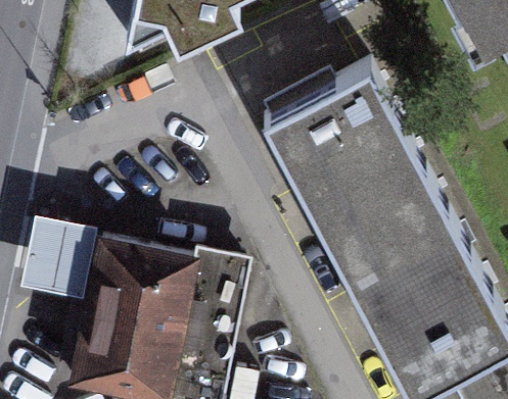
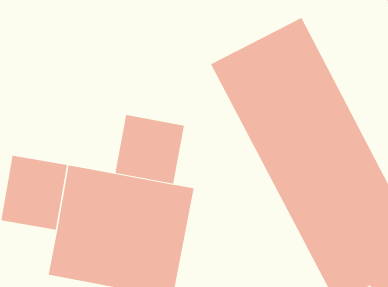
building: none -> [115,114,184,184]

